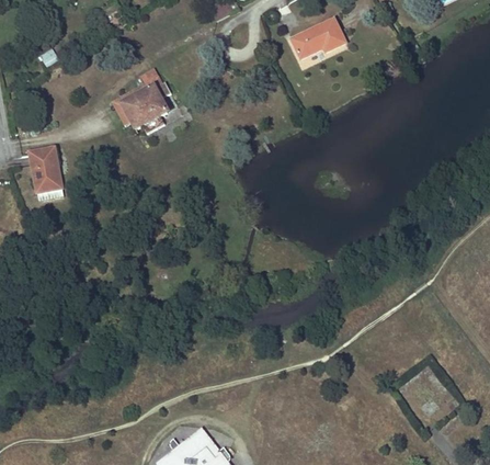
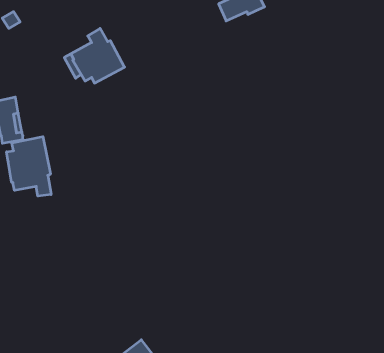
building: none -> [7,137,51,196]

